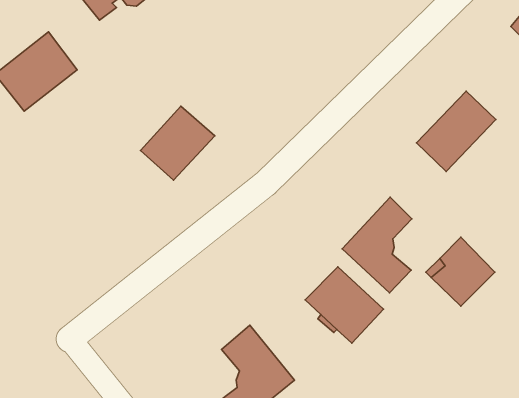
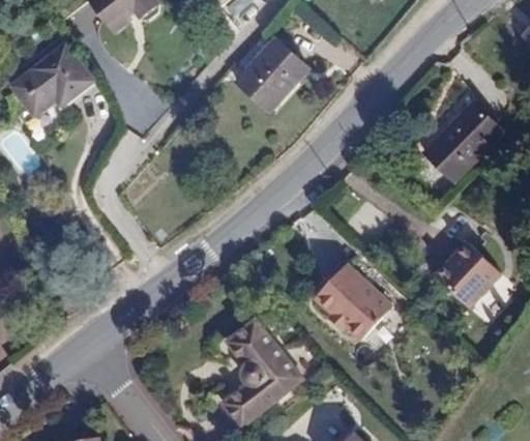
building: [141,106,215,180] -> [235,33,307,106]
building: [342,197,412,293] -> none

